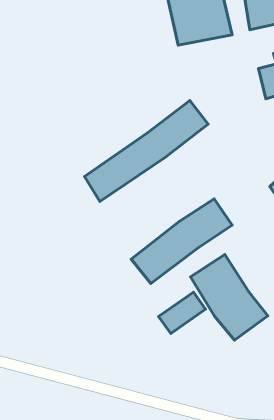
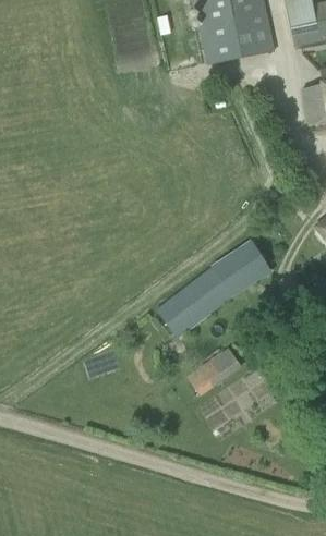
building: [84,101,208,202] -> none
building: [191,254,268,340] -> none

